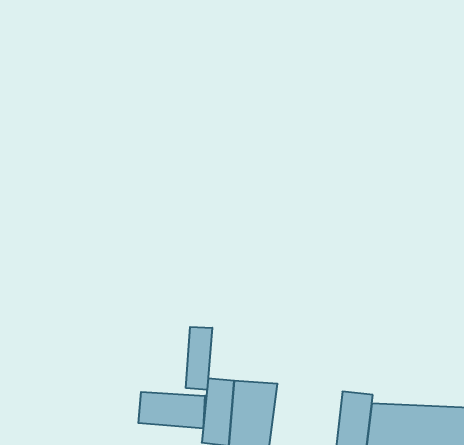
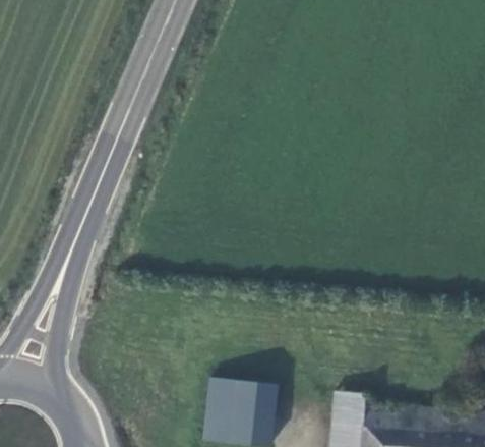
building: [186,327,212,390] -> none
building: [138,392,205,428] -> none

